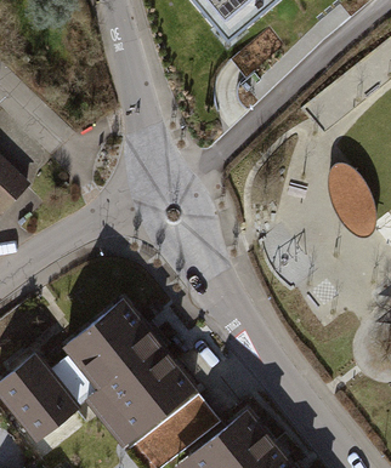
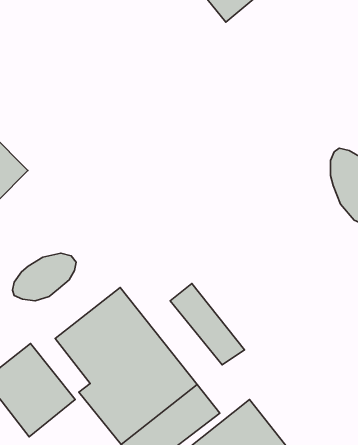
building: none -> [12,253,76,301]
building: none -> [170,284,245,365]

